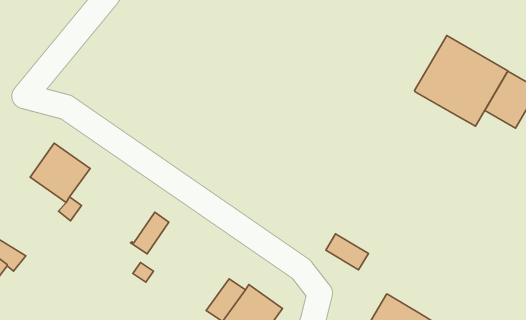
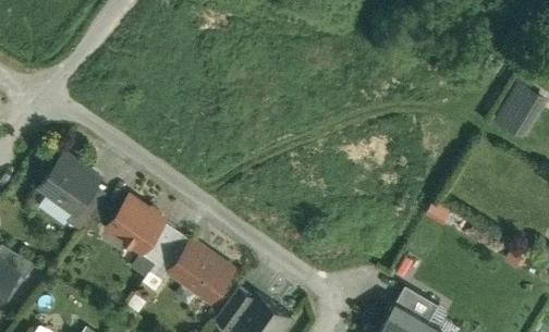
building: [414,35,508,126] -> none
building: none -> [108,194,164,249]
building: none -> [168,237,234,300]
building: [326,234,368,270] -> [396,284,439,320]

